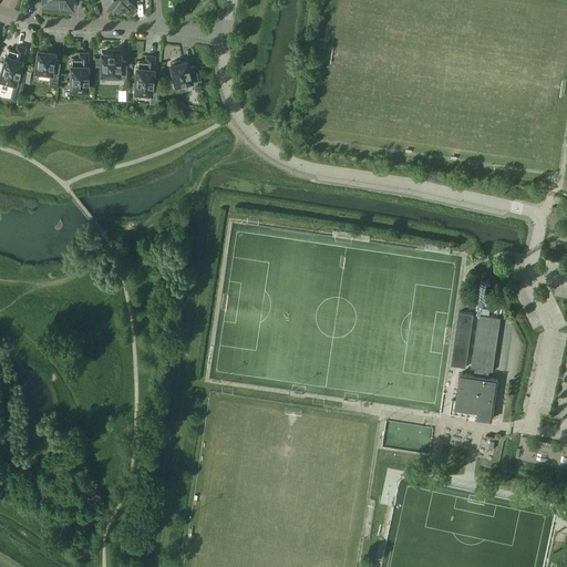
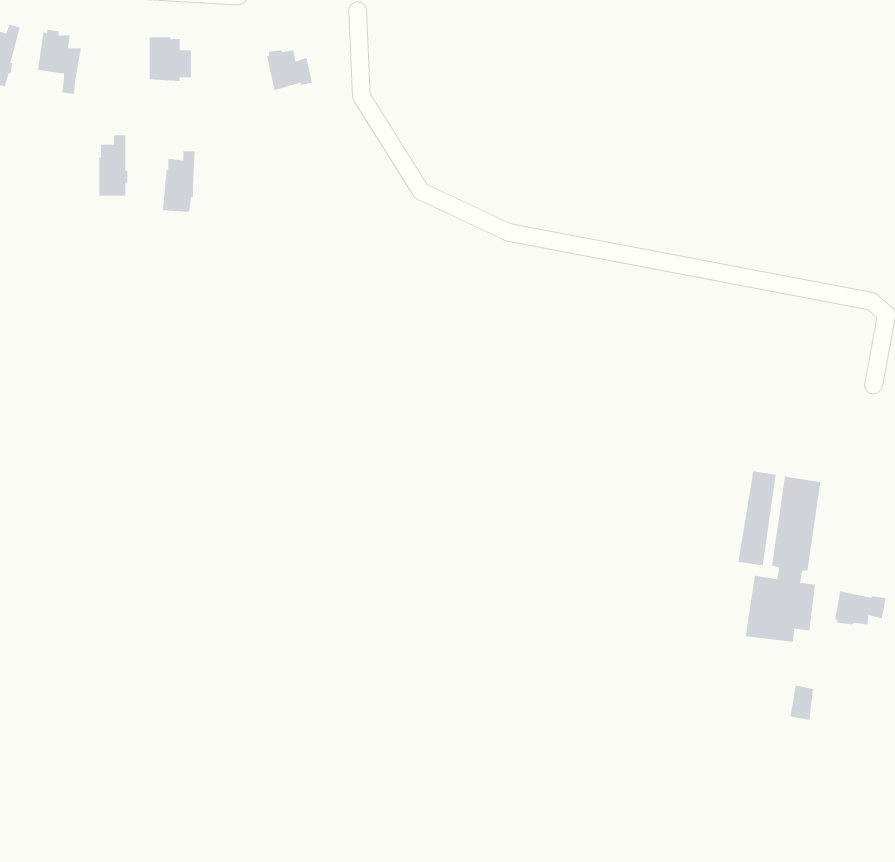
building: [70,55,87,92] -> [98,135,128,196]
building: [133,59,153,95] -> [162,151,196,212]
building: none -> [834,590,886,625]

